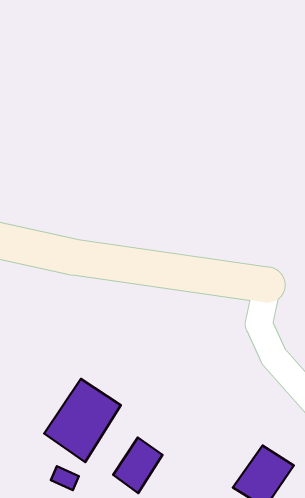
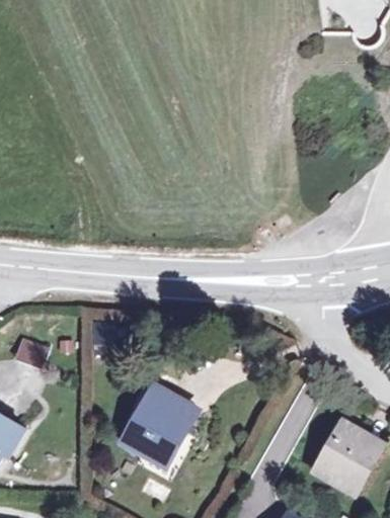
building: [113,437,163,493] -> none

